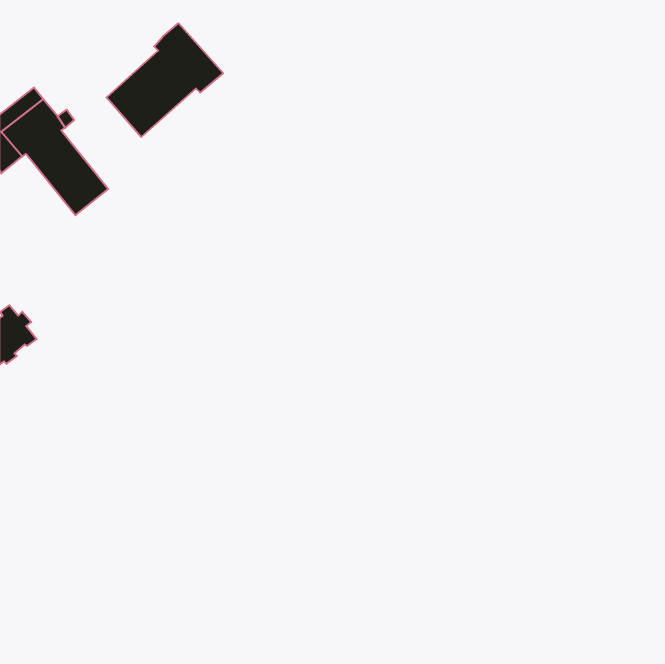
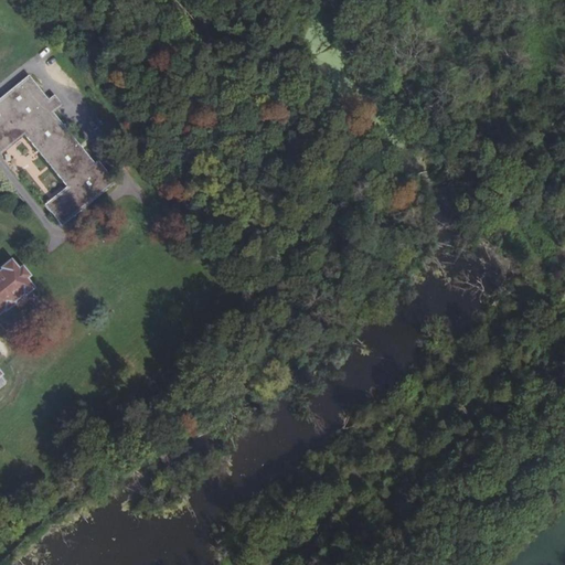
building: [106,23,223,137] -> none
building: none -> [46,160,115,222]

